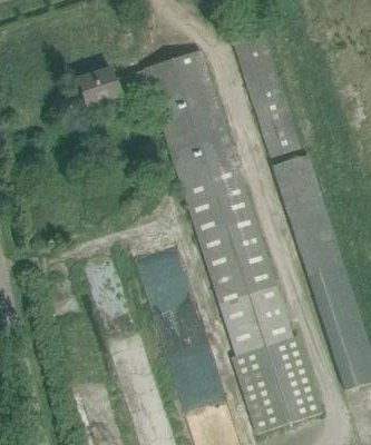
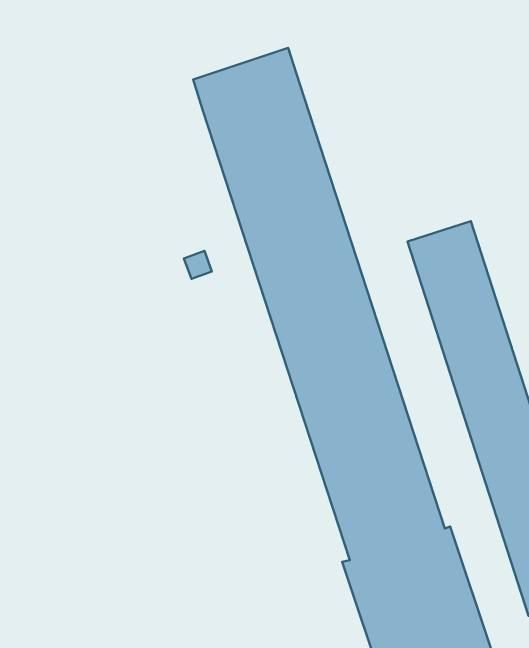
building: [234,31,302,157] -> none
building: [78,59,150,109] -> none

